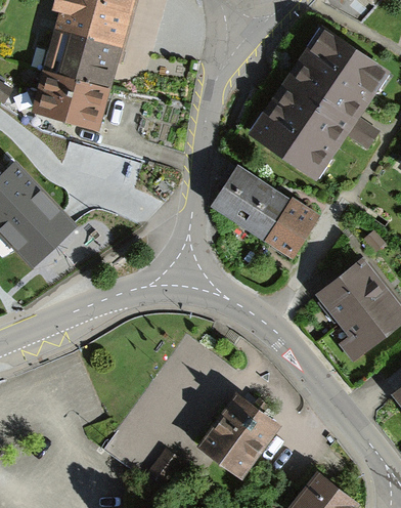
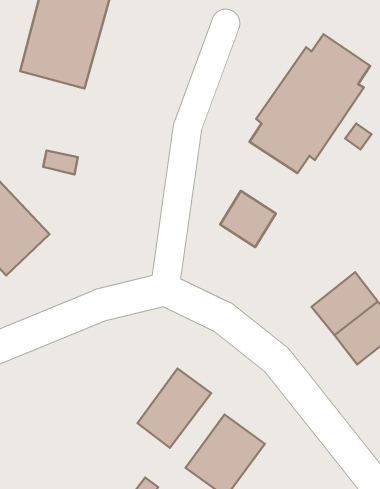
building: [35,73,106,127] -> none
building: [214,170,254,217] -> none
building: [267,205,315,254] -> none
building: none -> [137,369,211,448]

